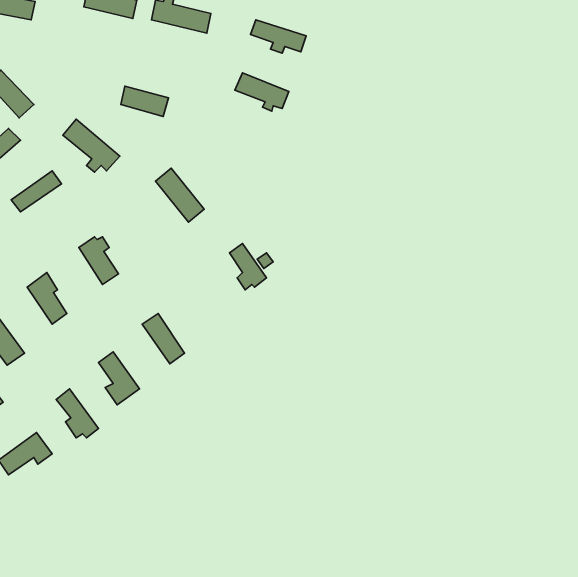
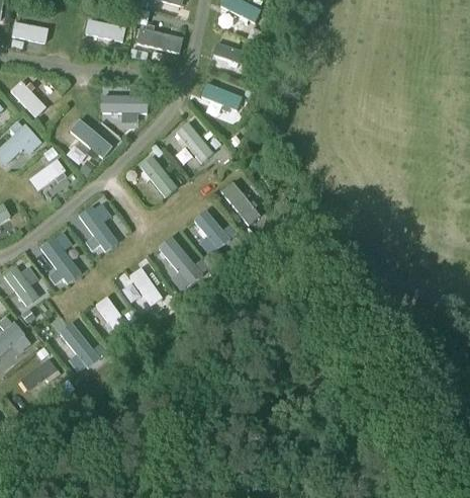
building: none -> [176,122,213,163]
building: none -> [220,182,261,226]
building: none -> [161,236,192,274]

